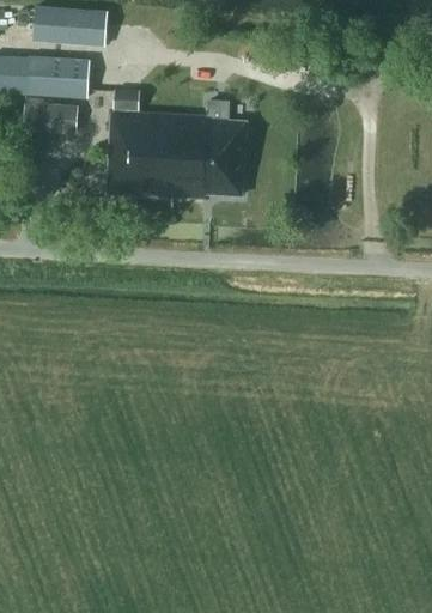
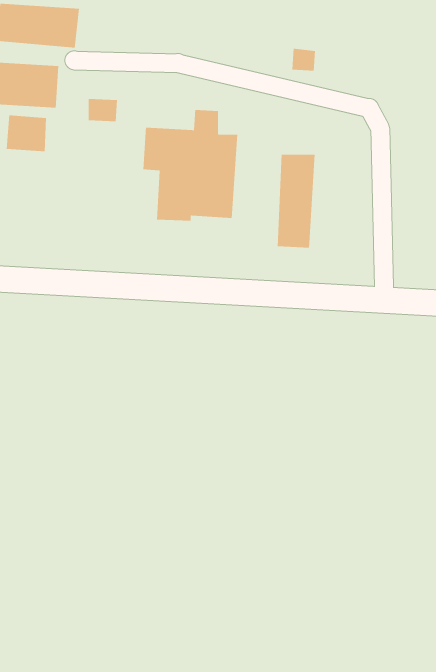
building: [109,111,176,195] -> none
building: none -> [277,154,315,249]

